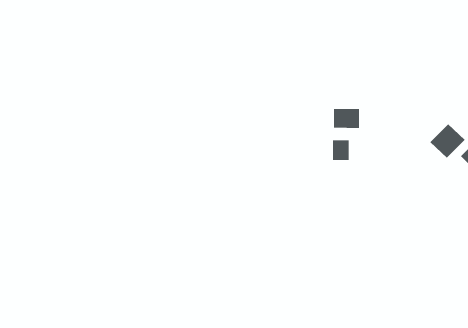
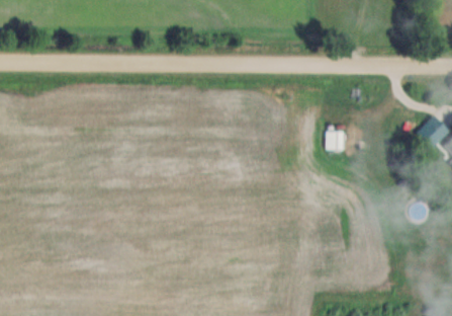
building: [333,108,360,129] -> none

